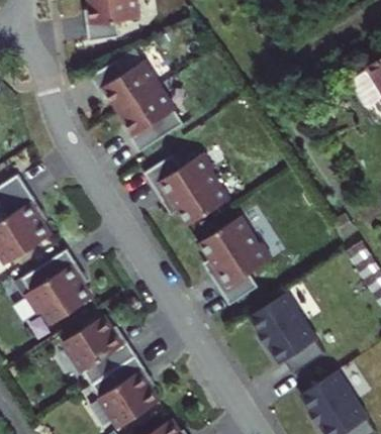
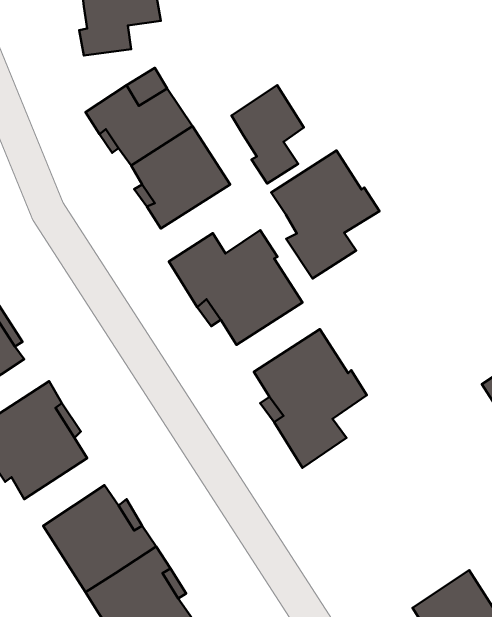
building: none -> [232,85,304,183]
building: none -> [271,150,379,278]
building: [249,293,324,374] -> none

